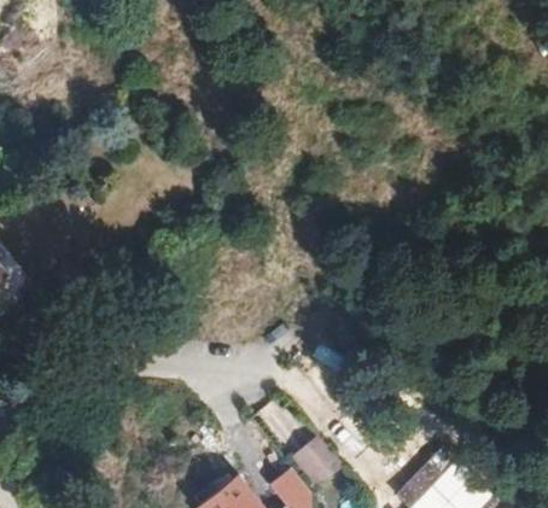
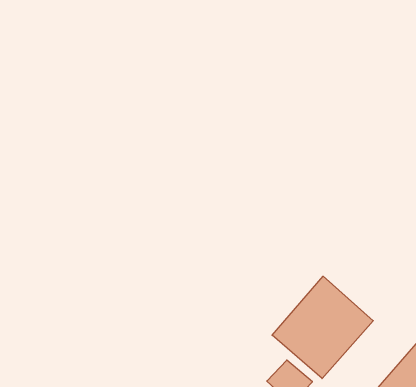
building: none -> [272,276,373,379]

